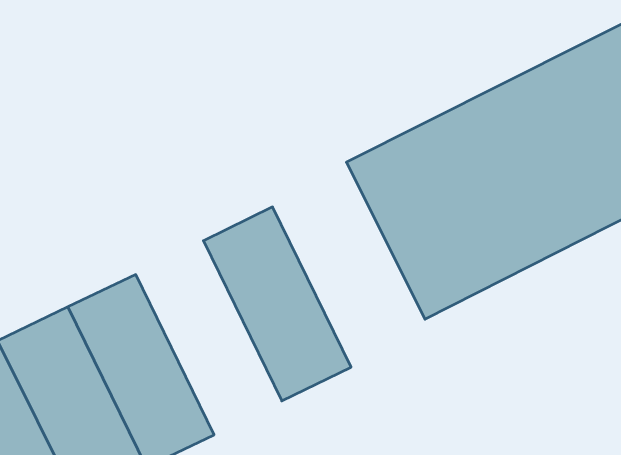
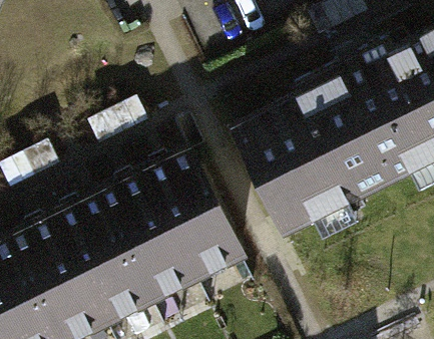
building: none -> [105,180,200,306]

